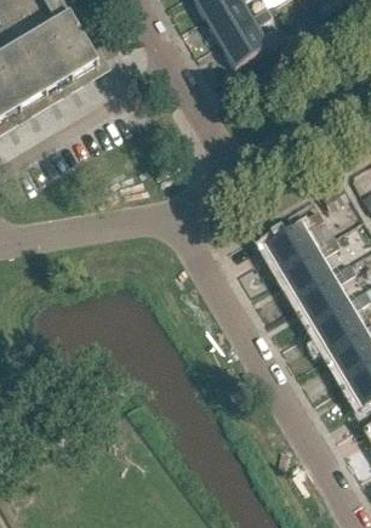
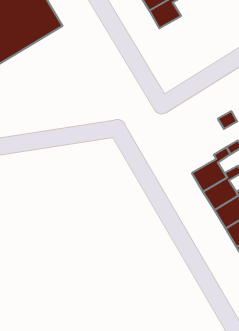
building: [266,209,323,273] -> none

